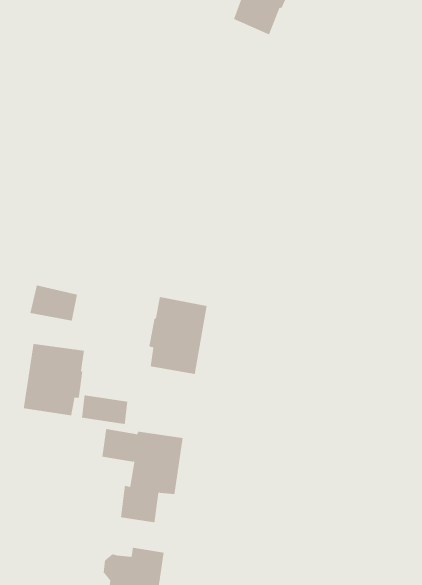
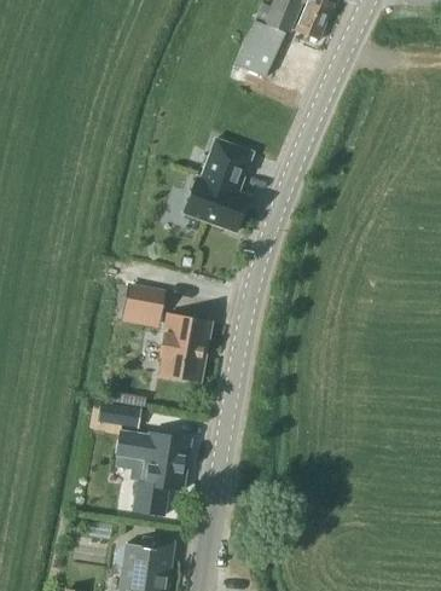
building: none -> [184,139,253,232]
building: [30,285,78,321] -> [121,283,164,315]
building: [23,343,85,416] -> none

